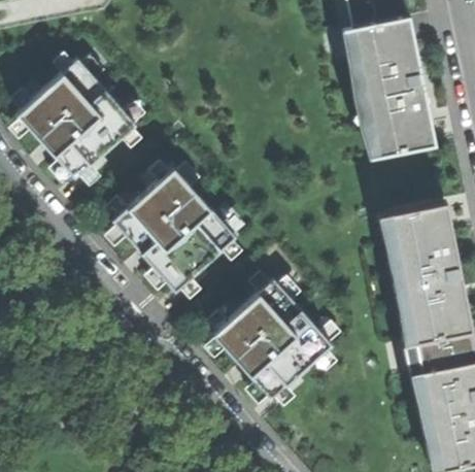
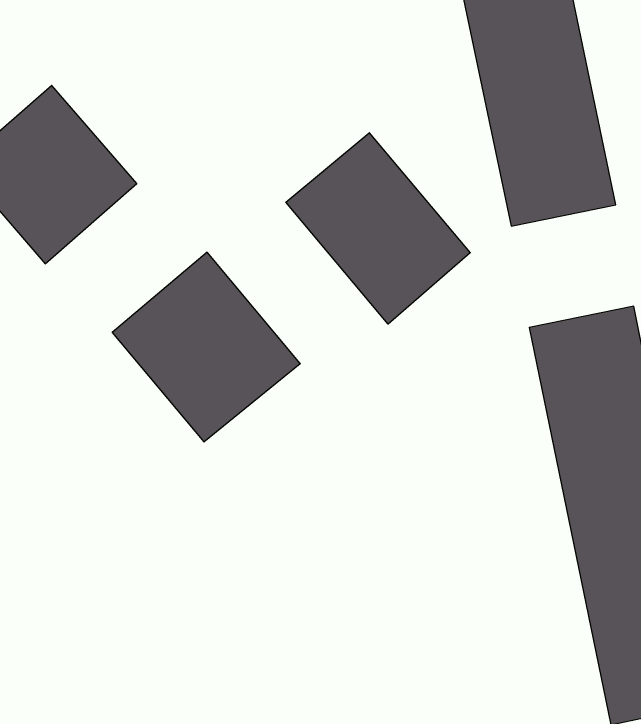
building: none -> [286,133,470,324]
building: [215,284,331,400] -> none

